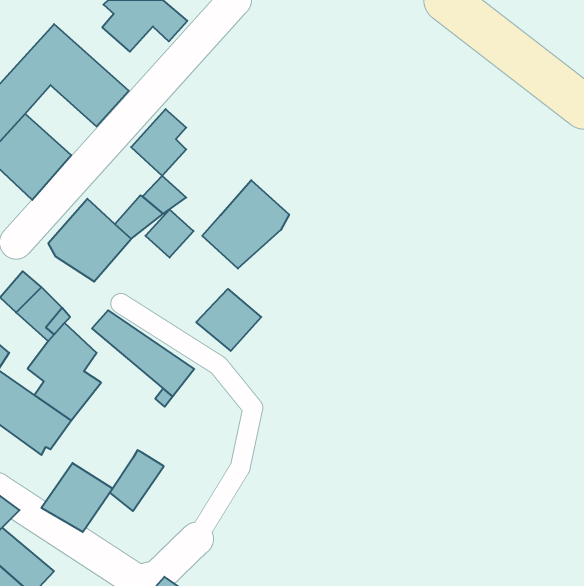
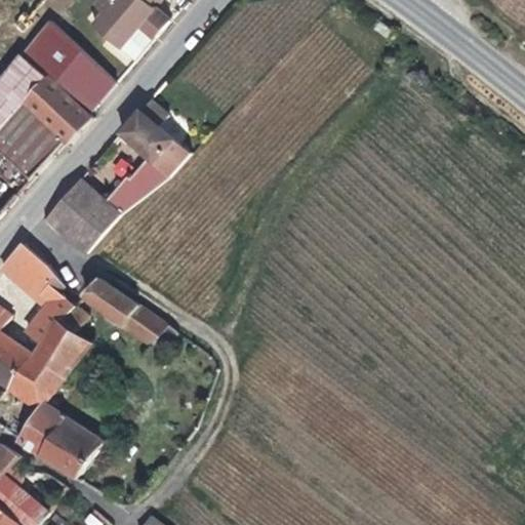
building: none -> [23,77,90,143]
building: [202,180,289,269] -> none
building: [145,209,194,258] -> [145,134,188,177]
building: [196,289,261,351] -> none
building: [110,450,164,511] -> [16,400,65,454]

